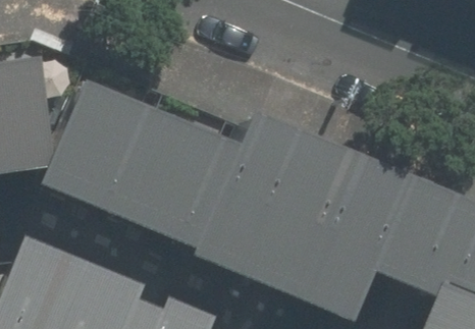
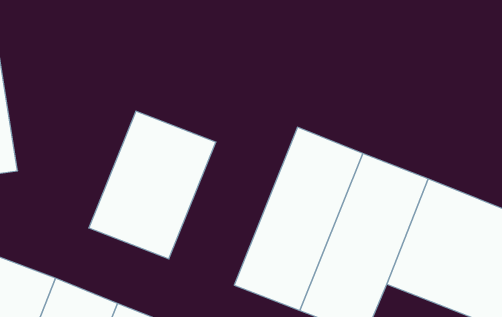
building: [30,84,143,216] -> none
building: [172,104,286,267] -> none

